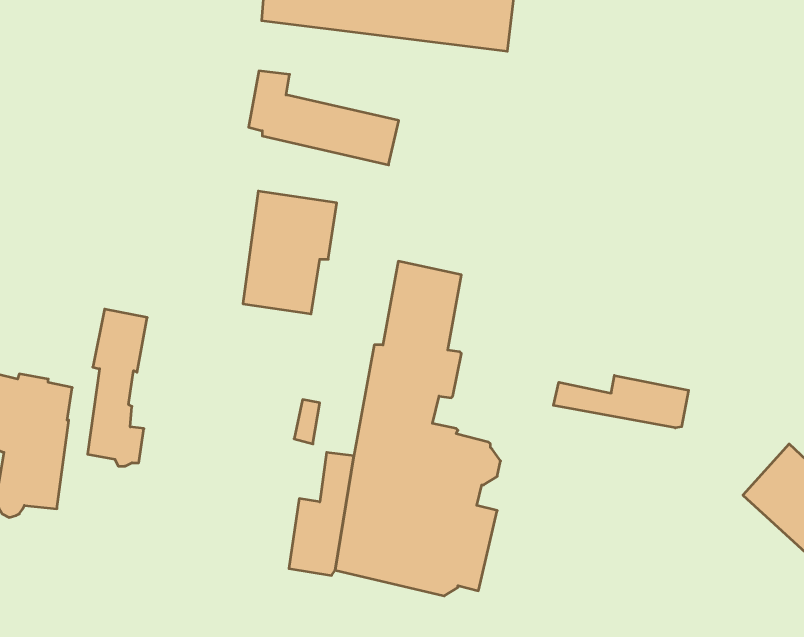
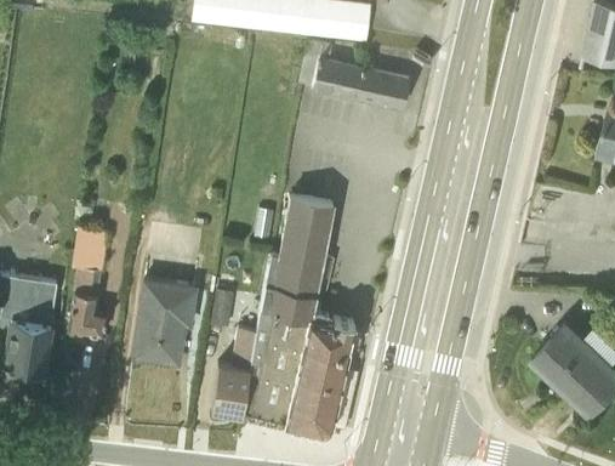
building: [249,71,399,165] -> [303,42,410,109]
building: [243,191,337,314] -> [132,278,199,365]
building: [553,375,689,428] -> none

